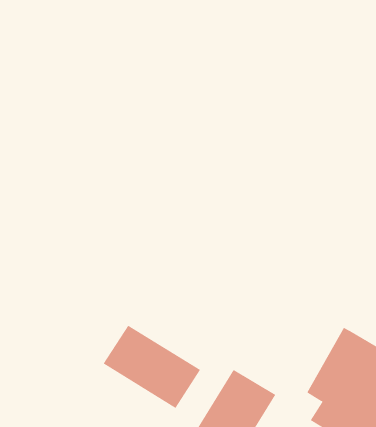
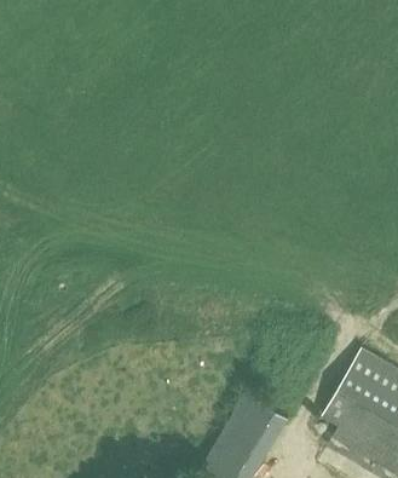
building: [103,325,201,409] -> none

